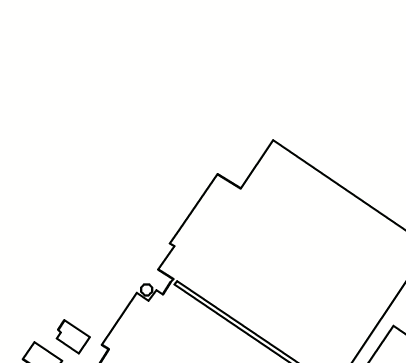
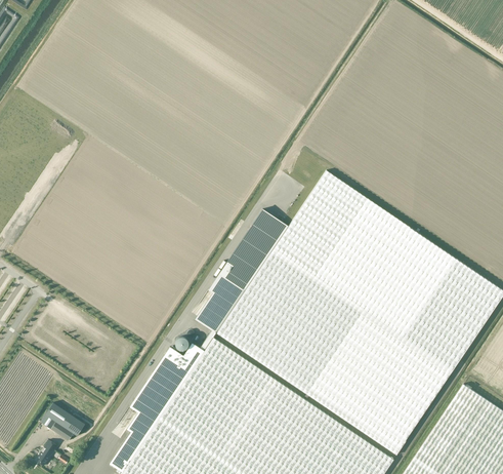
building: [57,320,90,354] -> none

